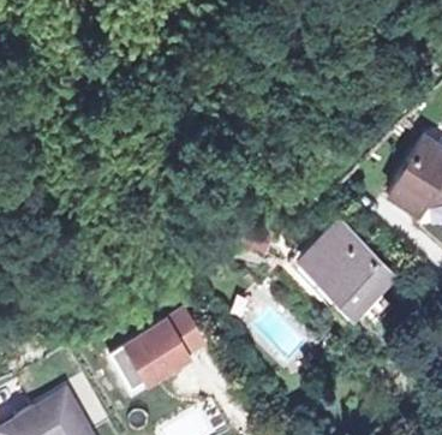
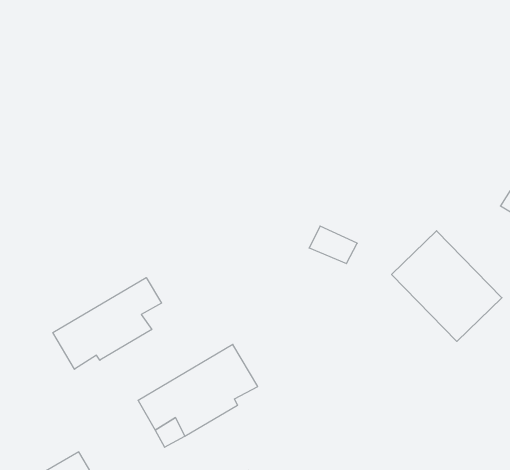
building: none -> [53,278,162,369]

